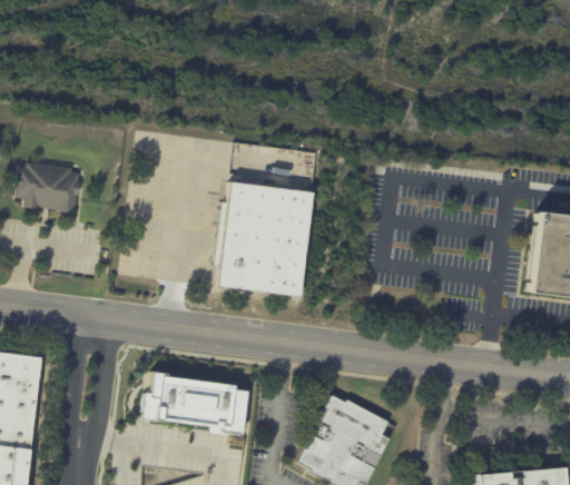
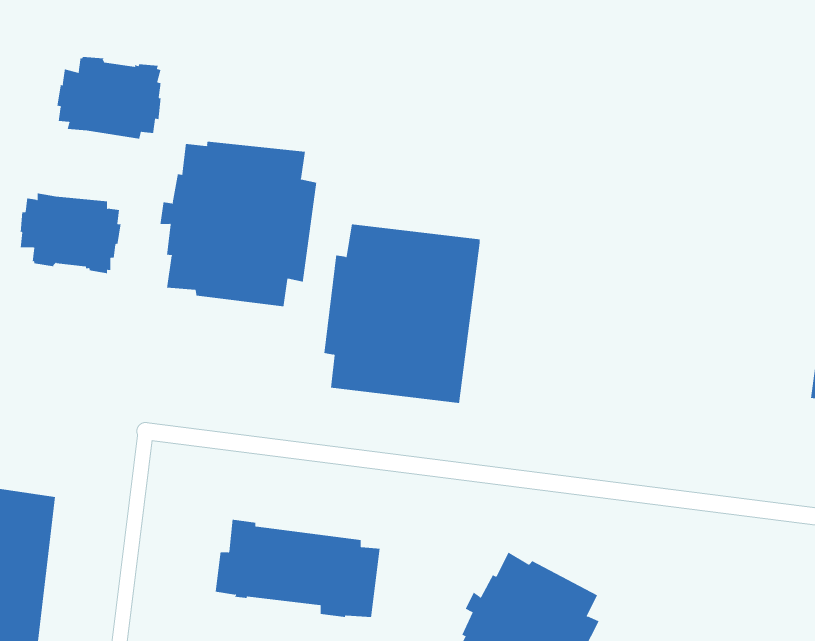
building: none -> [57,56,161,140]
building: none -> [160,141,317,307]

